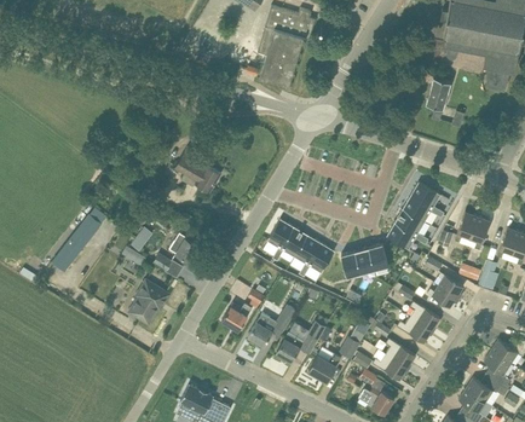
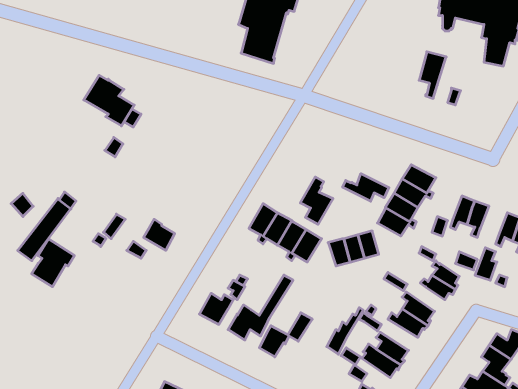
building: [174,144,221,191] -> [84,75,134,126]
building: none -> [343,174,389,201]
building: none -> [300,177,333,224]
building: [129,278,169,323] -> [32,239,74,287]
building: [308,346,341,381] -> none

